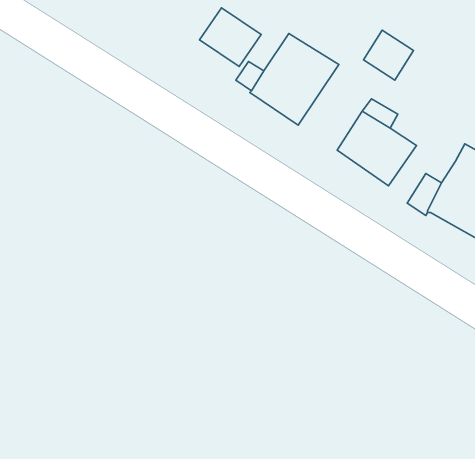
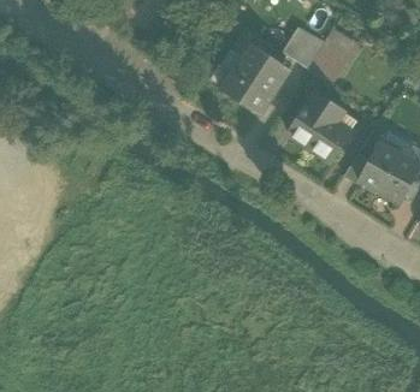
building: [199,8,261,66] -> none
building: none -> [283,24,325,66]

